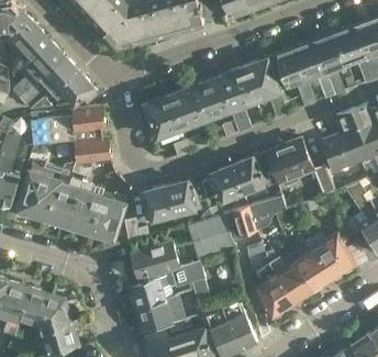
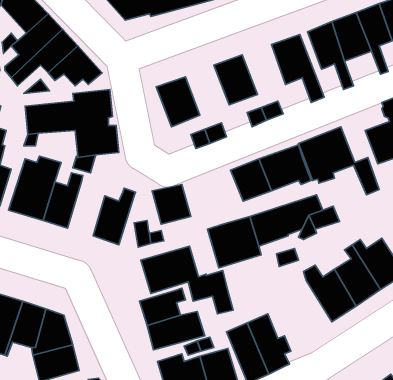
building: [216,68,254,118] -> none
building: [168,86,205,129] -> none
building: [67,180,100,232] -> none
building: [165,181,223,222] -> none
building: [254,263,293,319] -> none

